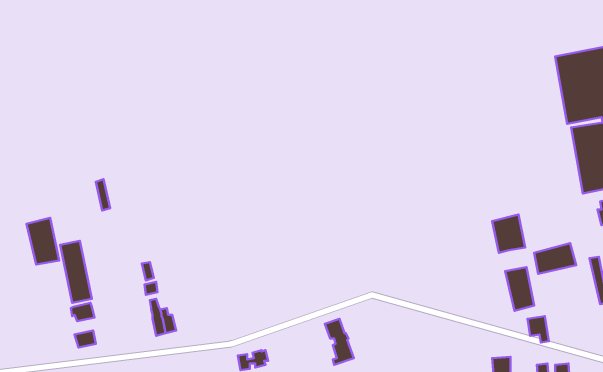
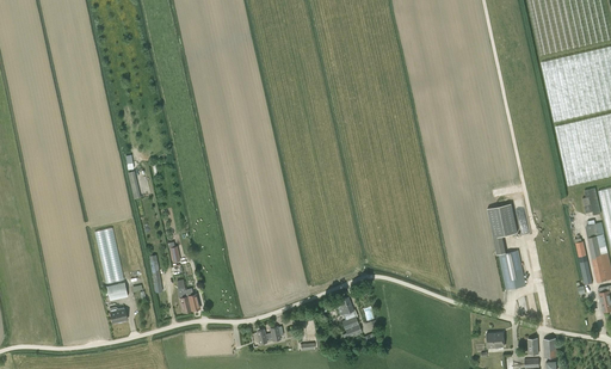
building: [27,218,59,265] -> none
building: [534,243,576,274] -> none

